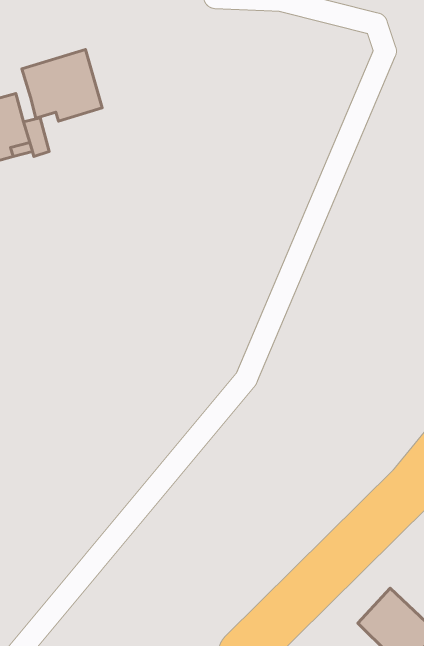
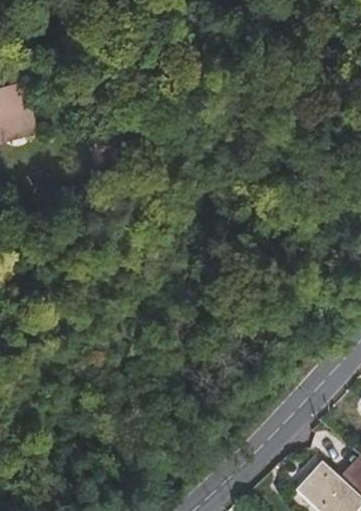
building: [22,49,102,121] -> none

